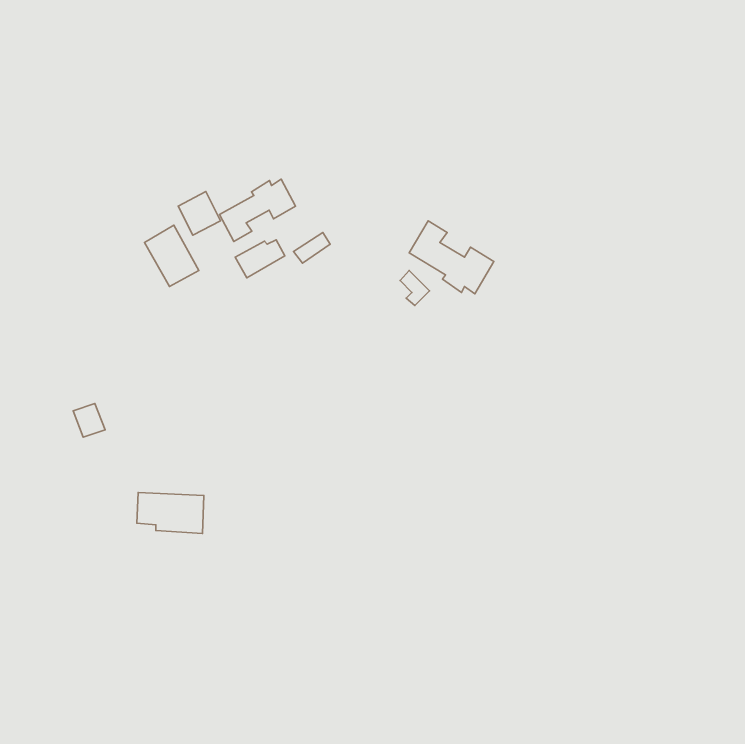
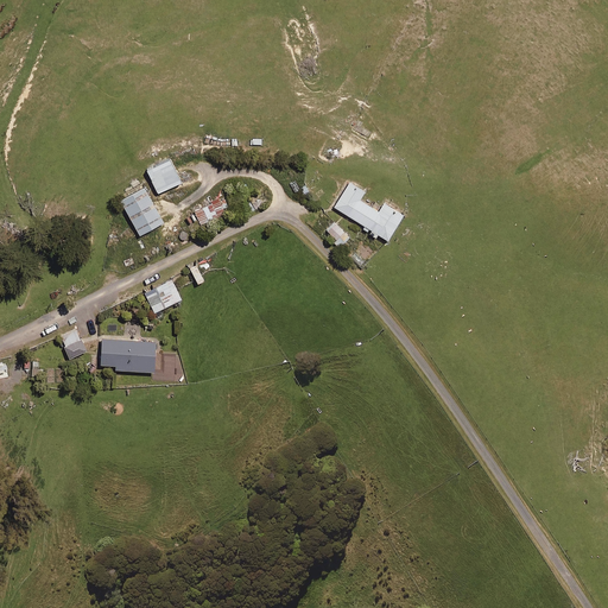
building: [220,179,296,241] -> none
building: none -> [144,279,182,312]
building: [137,493,204,534] -> [100,338,154,372]

